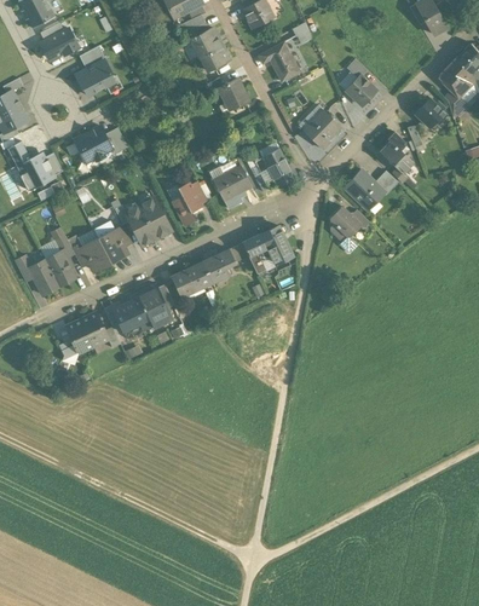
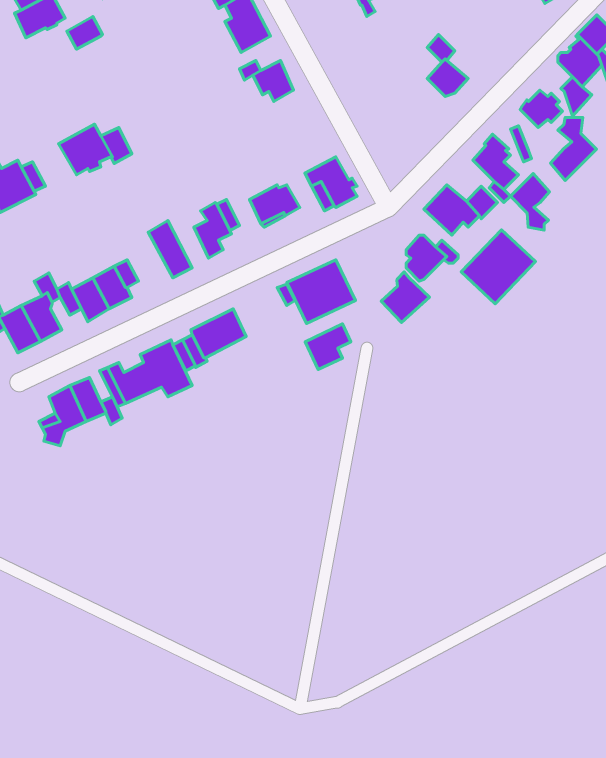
building: [259,42,300,81] -> none
building: [75,59,114,96] -> none
building: [304,109,340,149] -> none
building: none -> [550,117,596,180]
building: none -> [510,173,550,230]
building: none -> [461,230,535,304]
building: [125,204,157,246] -> none
building: none -> [381,272,429,322]
building: [202,248,236,282] -> [305,324,351,369]

